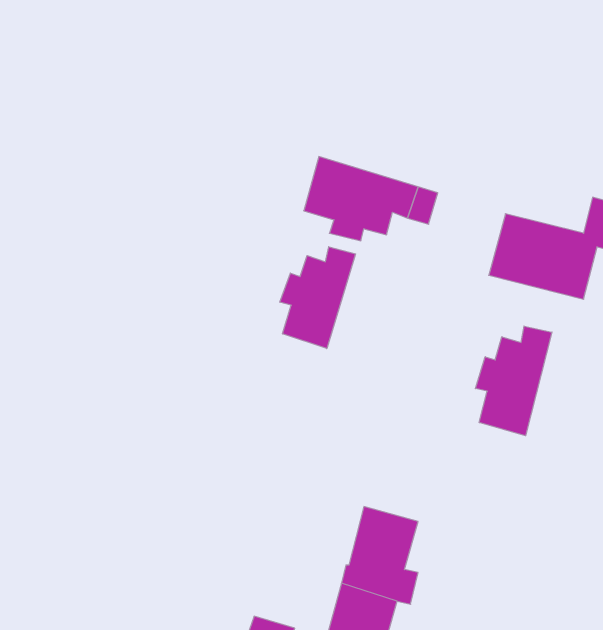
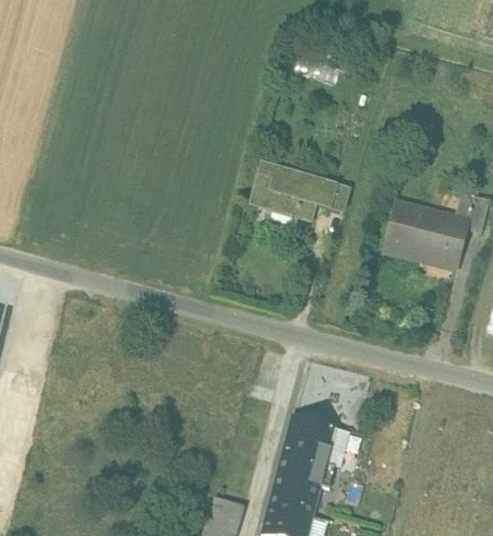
building: [280,247,355,349] -> none
building: [475,326,552,436] -> none

